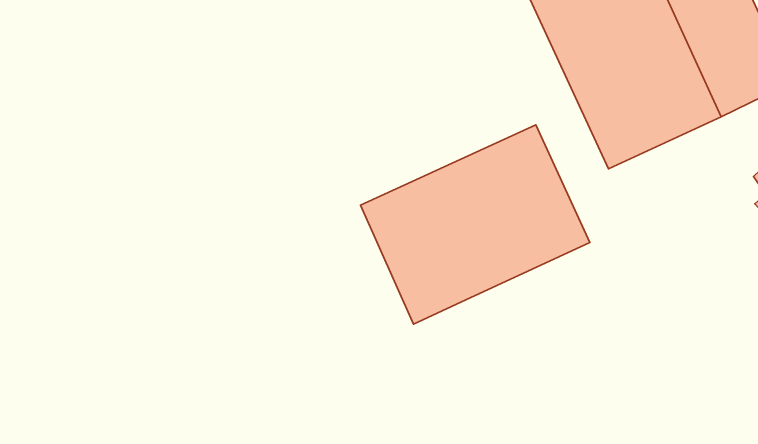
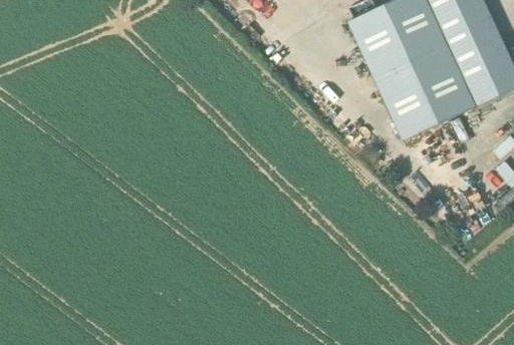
building: [360,125,590,324] -> none

